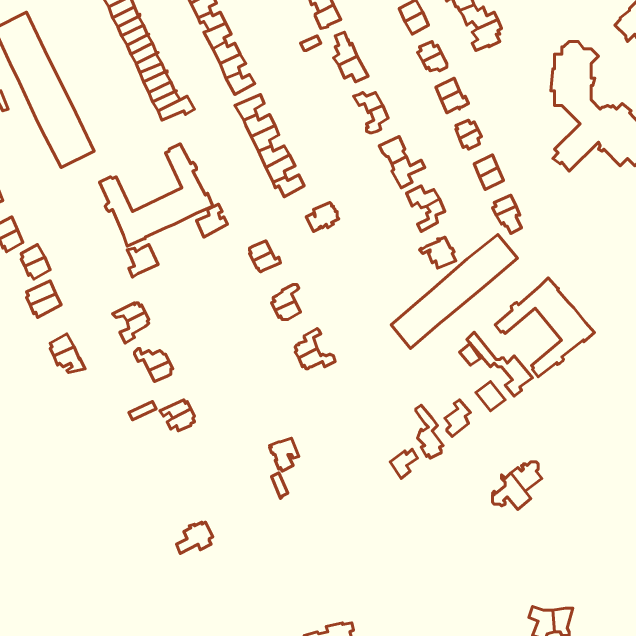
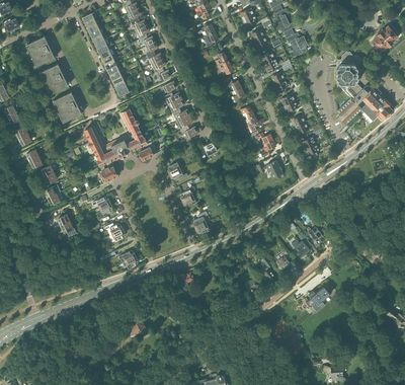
building: [391,235,517,348] -> none
building: [495,278,595,377] -> none

